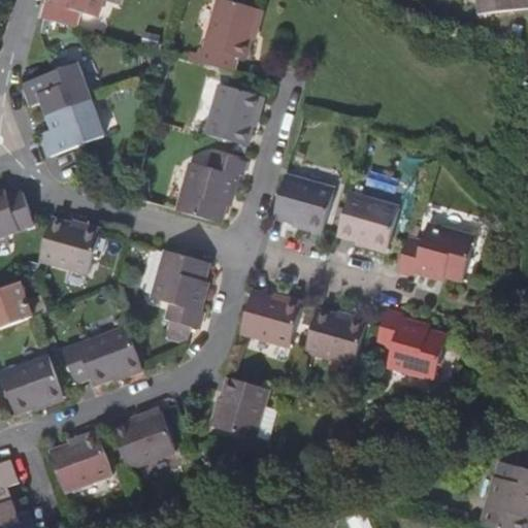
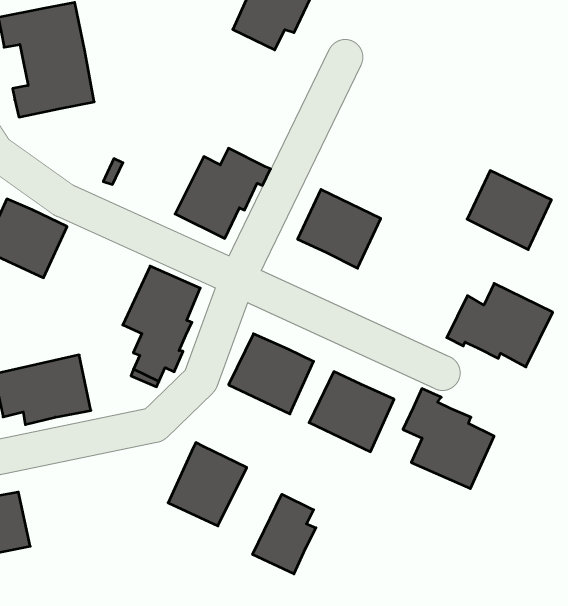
building: [207,85,260,145] -> none
building: [338,192,399,246] -> [467,171,551,250]
building: none -> [253,494,316,574]
building: [111,412,173,469] -> none

